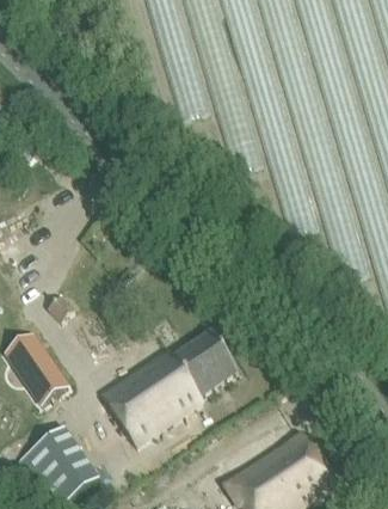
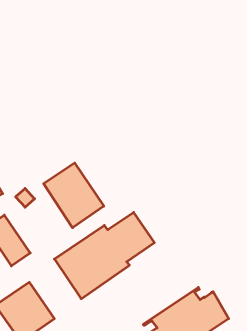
building: none -> [44,163,104,228]

